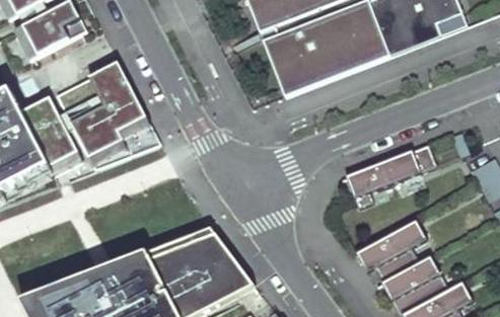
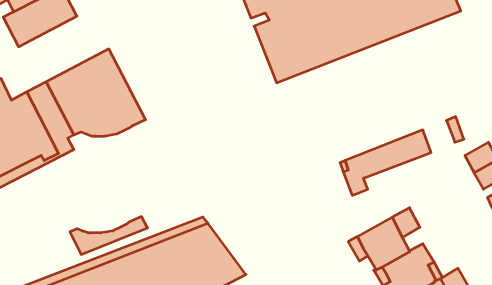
building: [82,131,159,168] -> [70,217,148,254]

